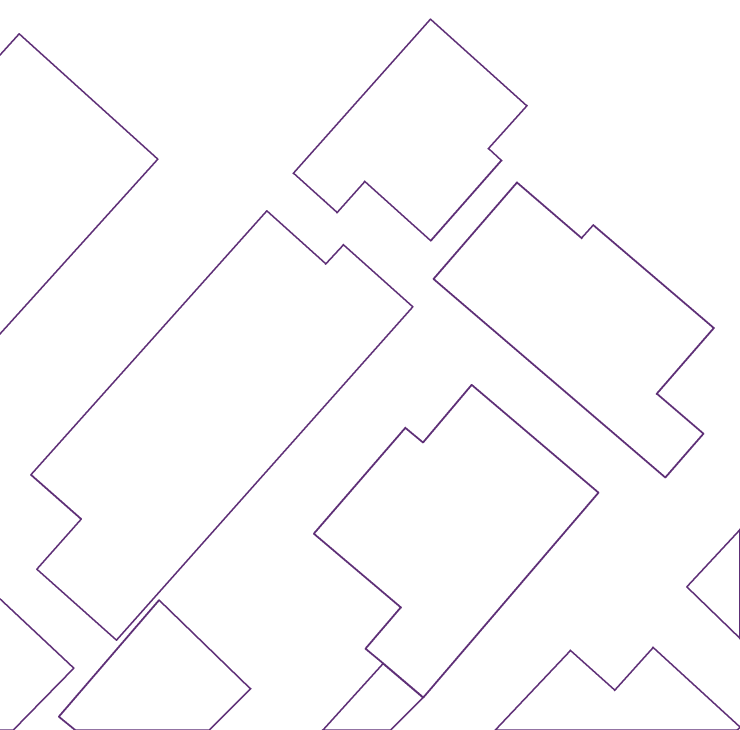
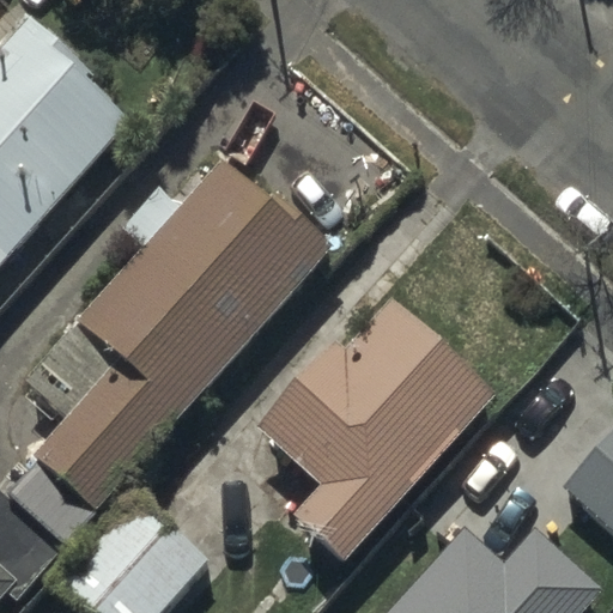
building: [293,19,527,241] -> none
building: [434,182,714,477] -> none

